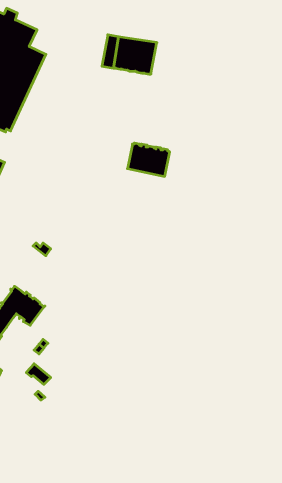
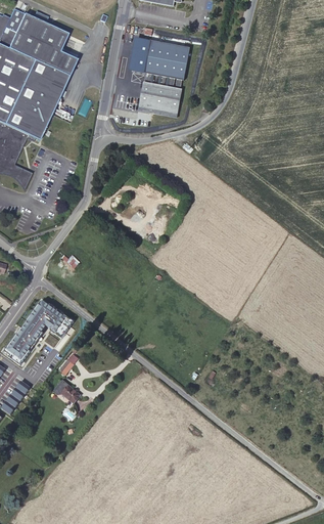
building: [127,143,170,176] -> [139,82,183,117]

